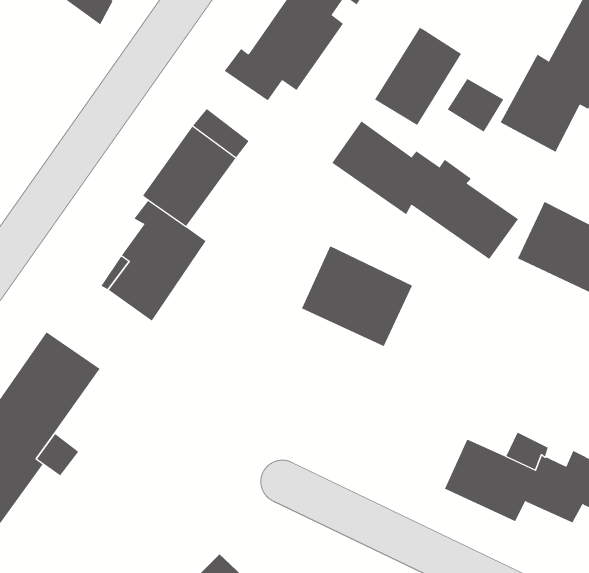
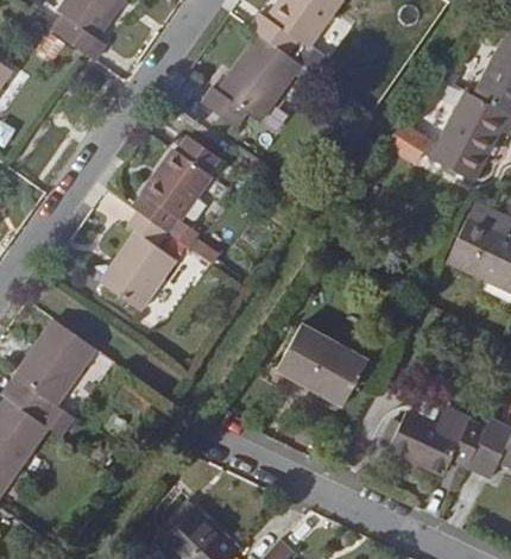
building: [374,27,462,126] -> none
building: [331,120,519,260] -> none
building: [301,245,413,347] -> [271,326,364,410]

